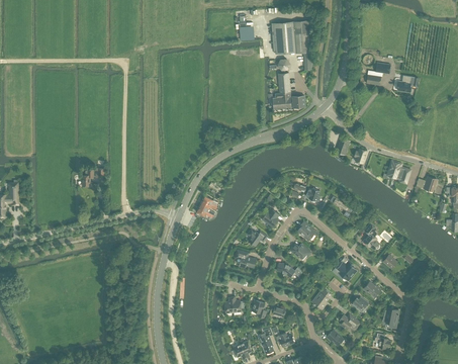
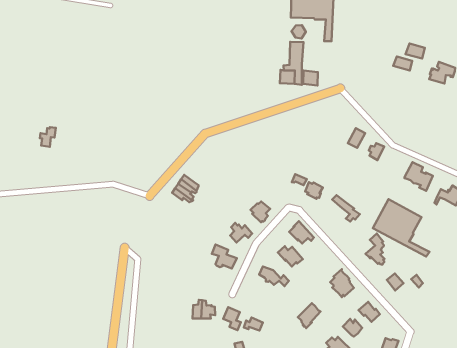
building: none -> [373,199,429,257]

